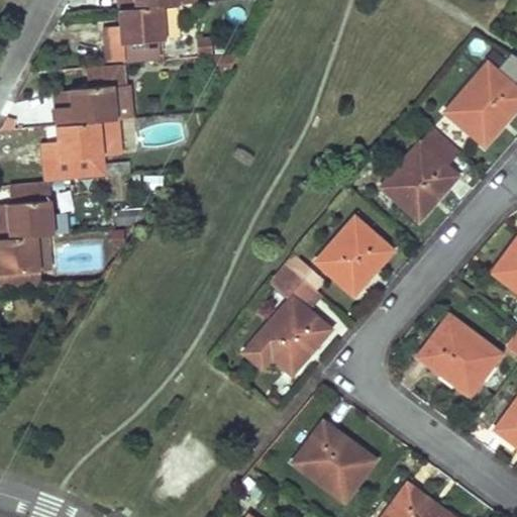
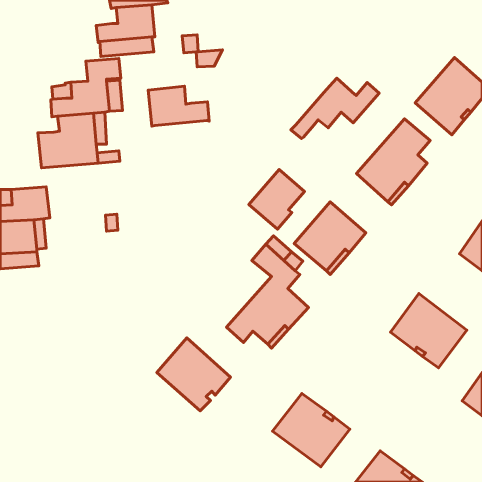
building: none -> [291,78,379,138]
building: none -> [148,86,209,126]
building: none -> [249,169,304,229]
building: none -> [157,338,230,411]

